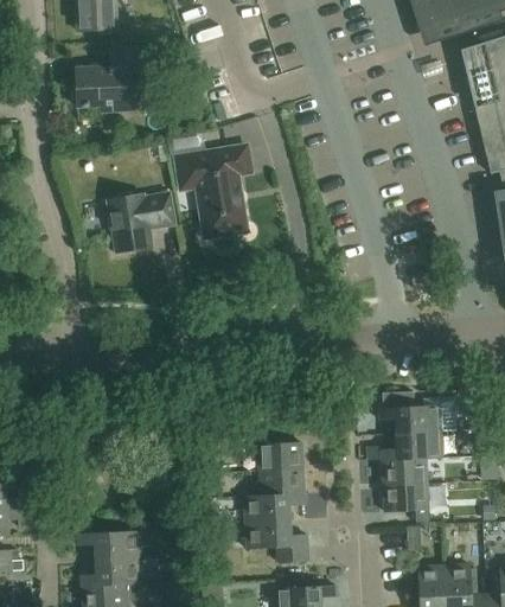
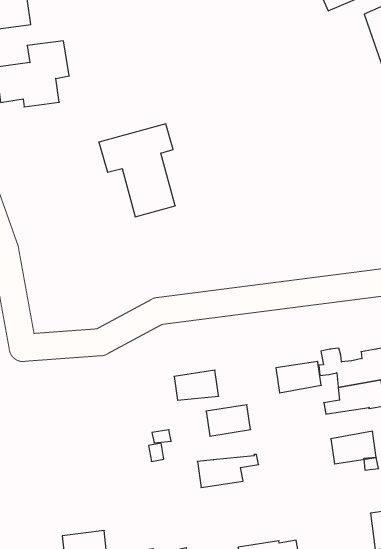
building: [107,191,175,251] -> none
building: [382,458,427,486] -> [276,361,321,393]
building: [258,468,302,496] -> [174,370,219,400]
building: [244,520,307,562] -> none
building: [78,530,140,558] -> none

